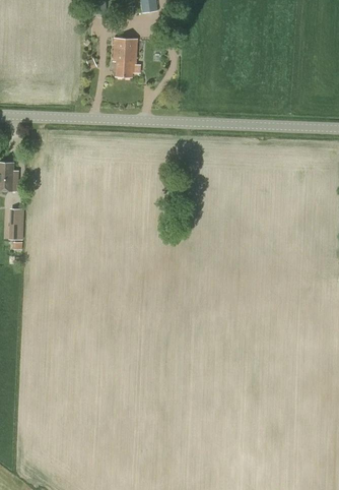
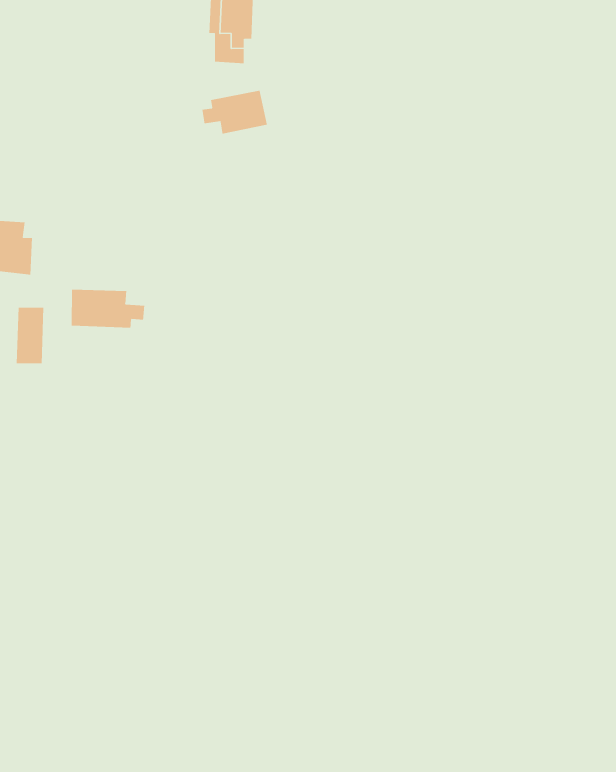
building: none -> [202,90,267,134]
building: none -> [71,289,145,328]

